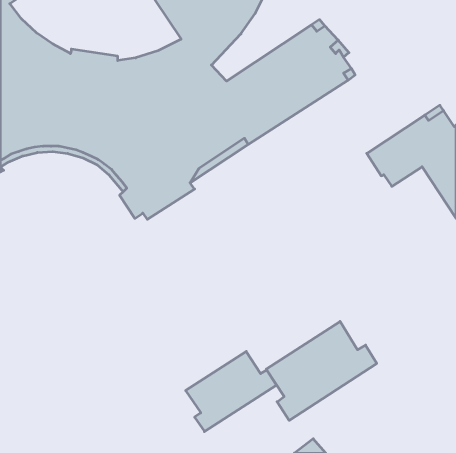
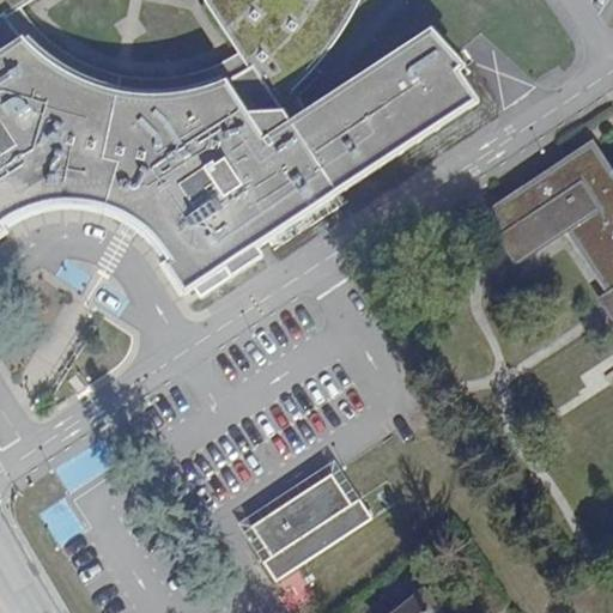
building: [266,321,377,420] -> none

